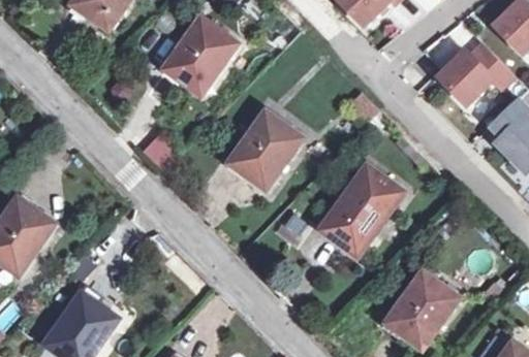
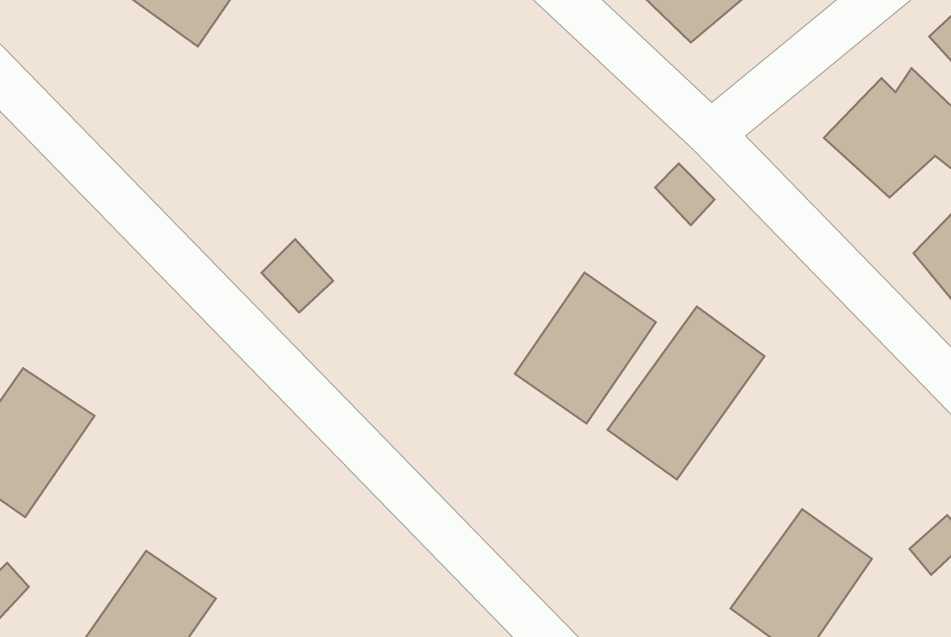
building: [164,17,238,95] -> none
building: [229,110,303,189] -> [515,272,656,423]

